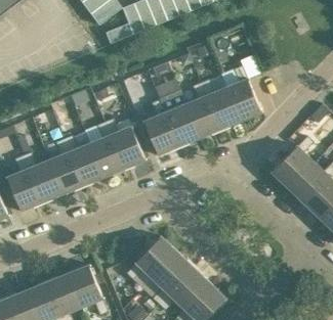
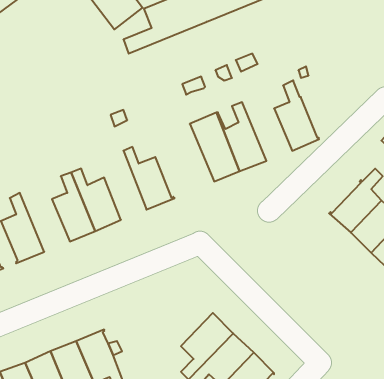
building: [201,77,241,130] -> none
building: [144,100,178,155] -> none
building: [90,122,124,177] -> none
building: [16,136,63,202] -> none
building: [126,236,177,279] -> none

